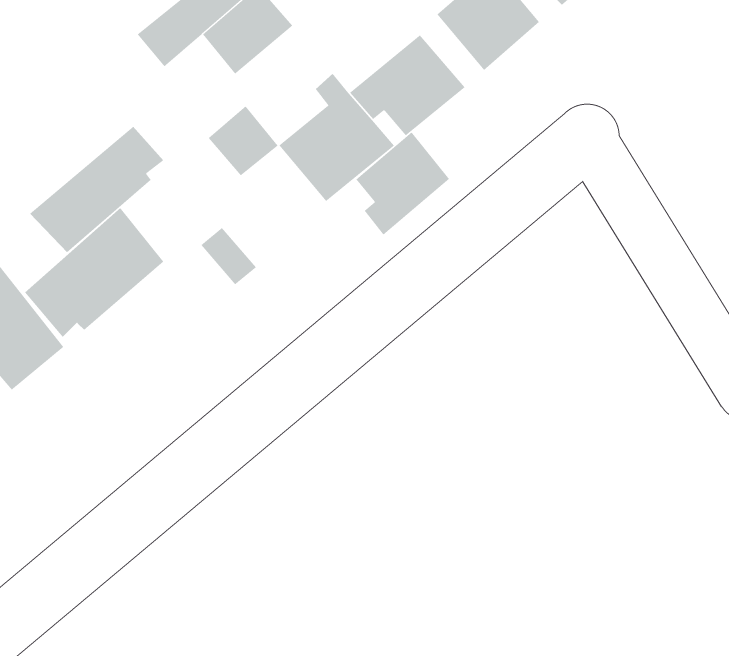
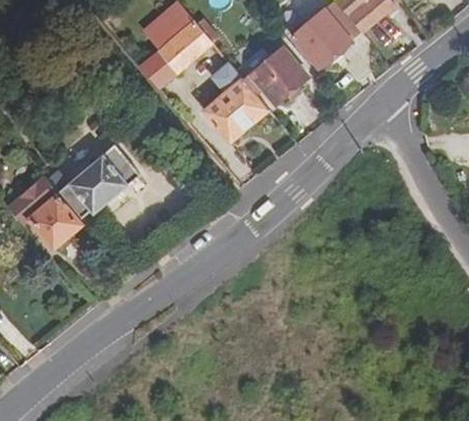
building: [208,105,278,176] -> [139,47,179,87]
building: [29,126,164,253] -> none
building: [356,131,450,235] -> none

